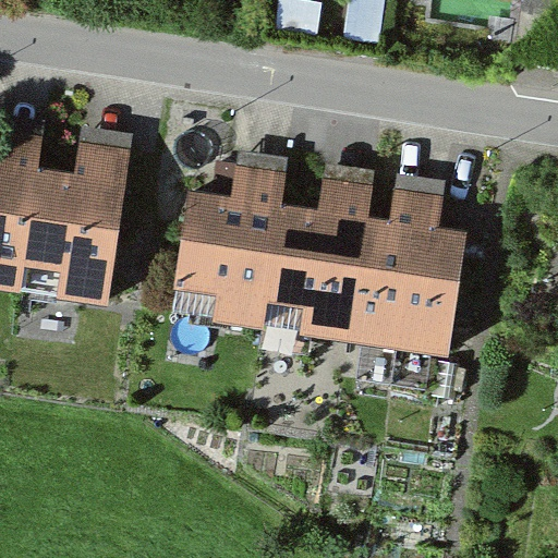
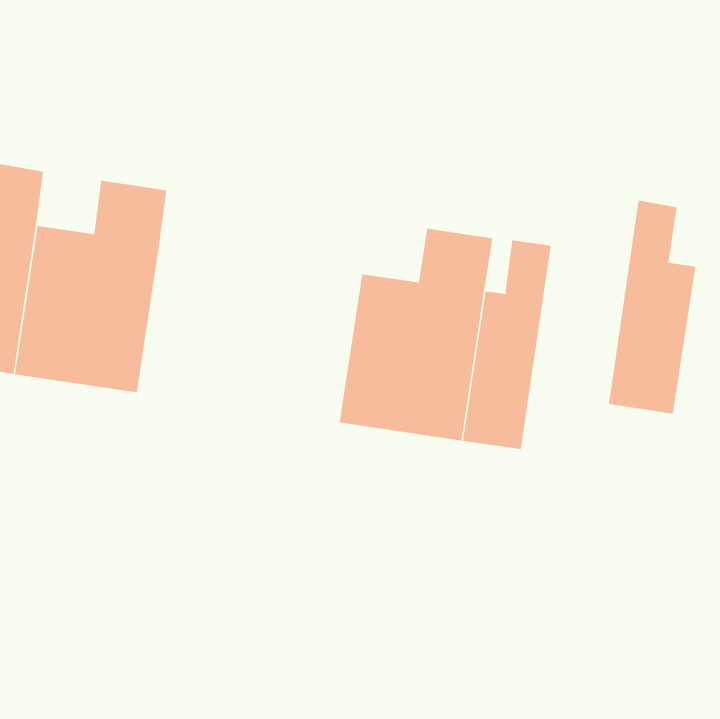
building: [166,161,284,325] -> none
building: [401,189,469,353] -> [608,200,696,414]

